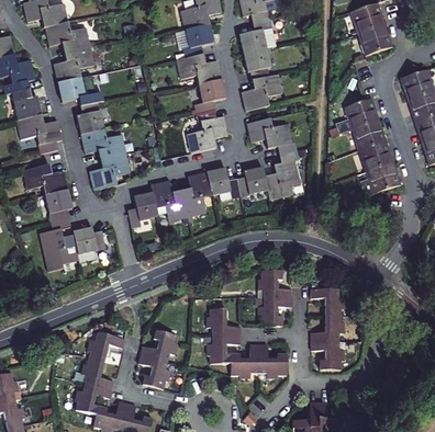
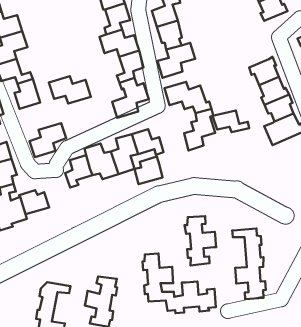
building: [80,128,126,159] -> [49,76,91,103]
building: none -> [213,110,249,132]
building: [236,166,267,195] -> [135,157,162,184]

